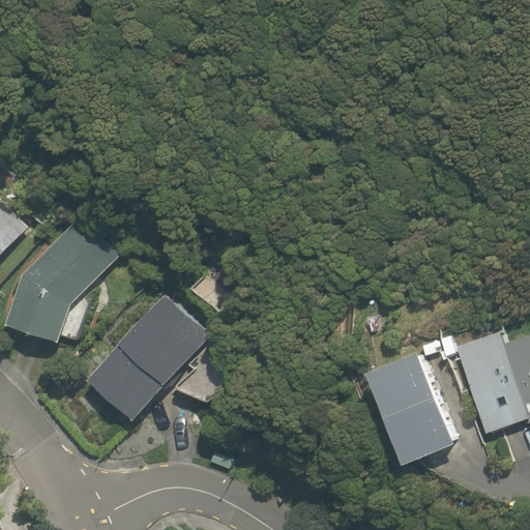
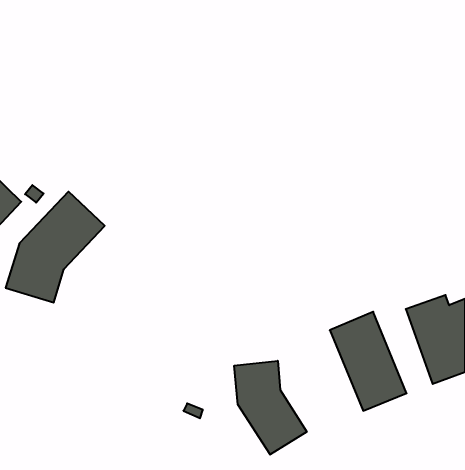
building: [88,295,208,420] -> none
building: none -> [234,361,307,455]

